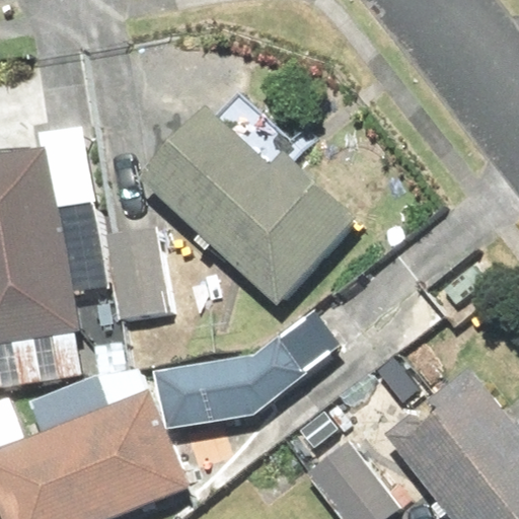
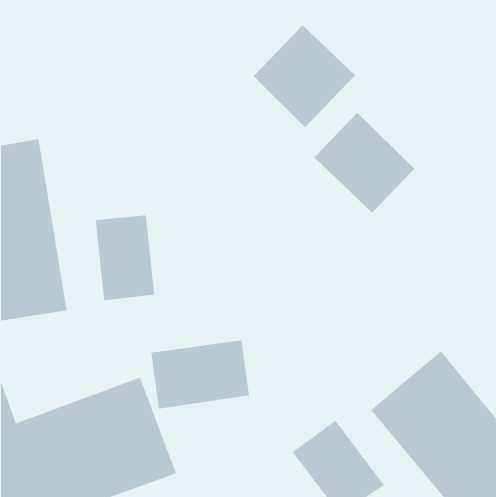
building: none -> [253,24,356,128]
building: [140,107,357,308] -> none
building: none -> [313,112,415,214]

